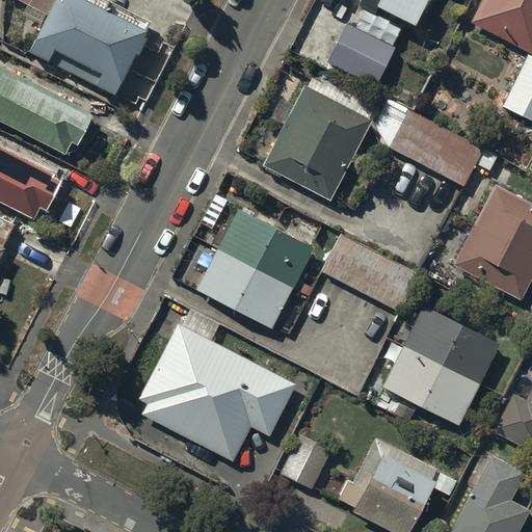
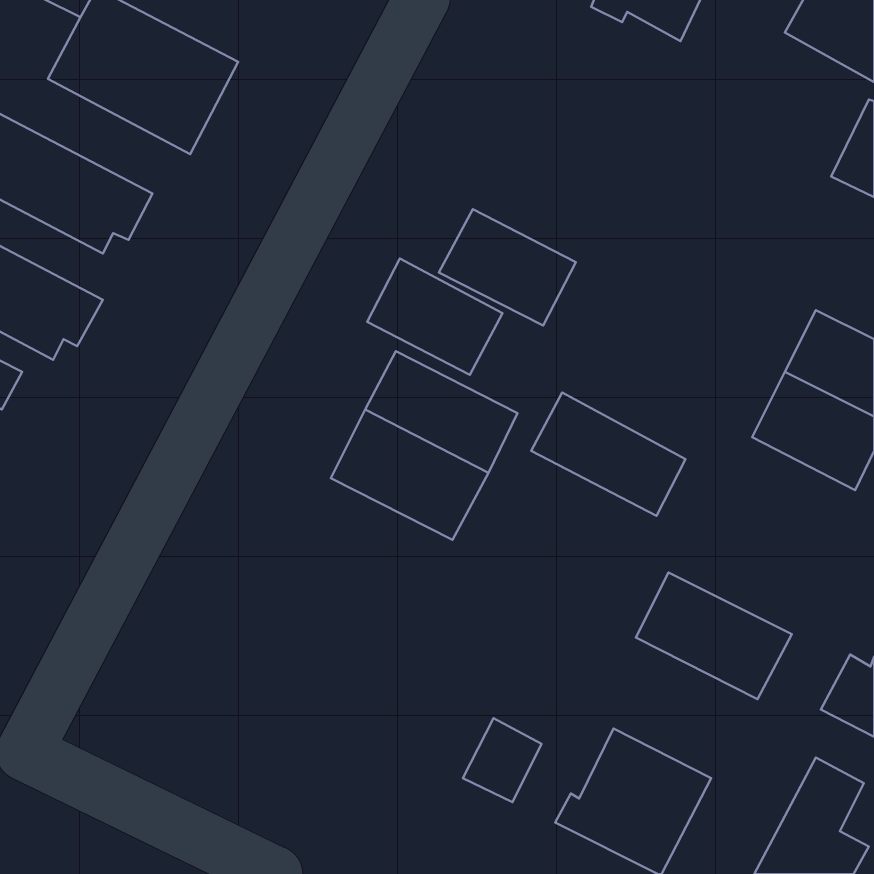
building: [327,25,393,84] -> none
building: [287,88,369,159] -> [367,258,503,375]
building: [385,113,479,187] -> none
building: [405,310,499,384] -> none
building: [141,327,290,456] -> none

